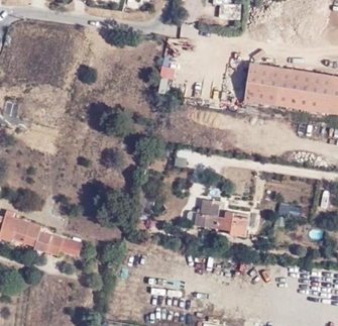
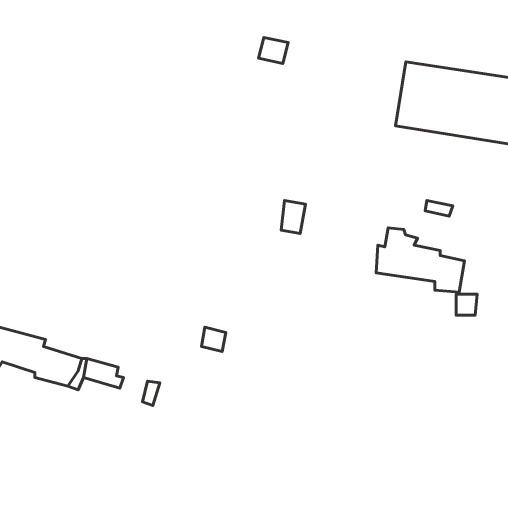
building: [194,198,245,235] -> [376,228,464,292]

